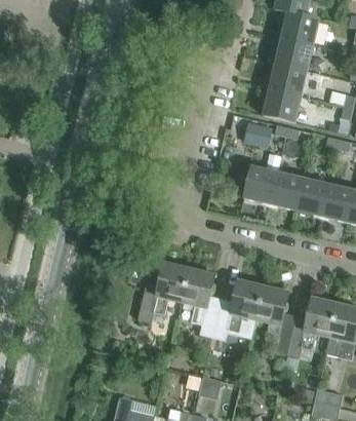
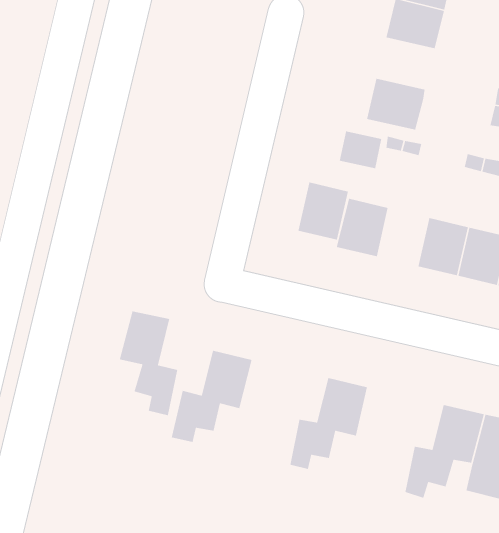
building: [268,63,306,95] -> none
building: [269,171,302,209] -> [298,181,349,241]
building: [181,269,219,337] -> [119,310,178,416]
building: [255,286,292,354] -> none

